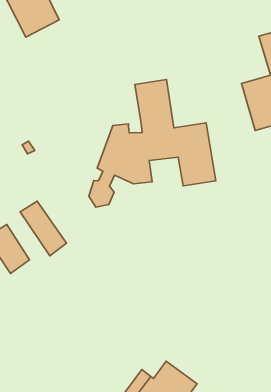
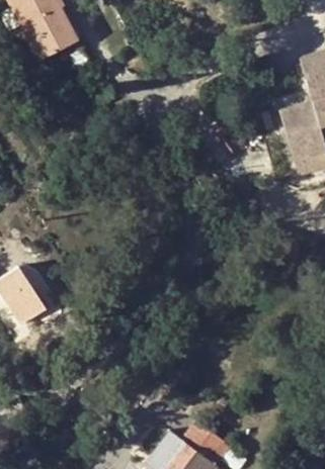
building: [89,80,216,207] -> none
building: [20,201,66,256] -> none

